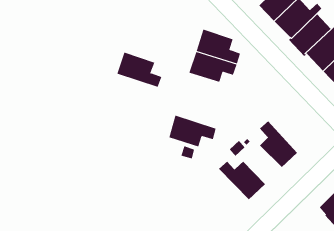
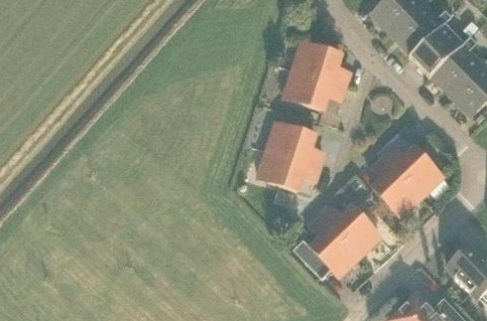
building: [116,52,162,87] -> [267,122,325,166]
building: none -> [384,146,443,196]
building: none -> [293,216,360,278]

